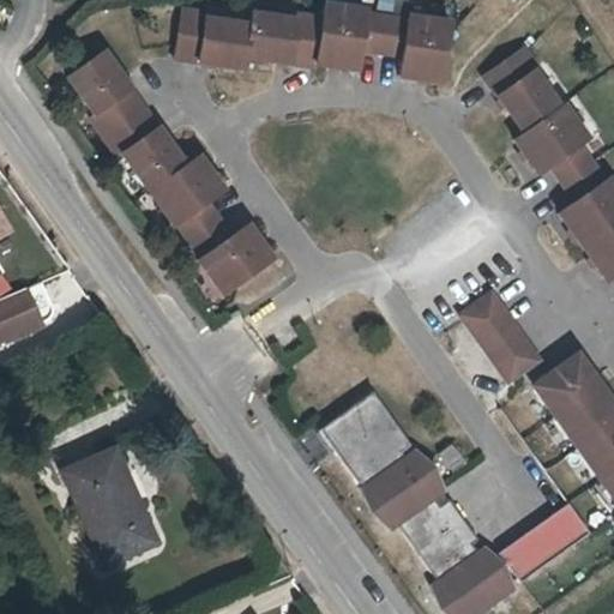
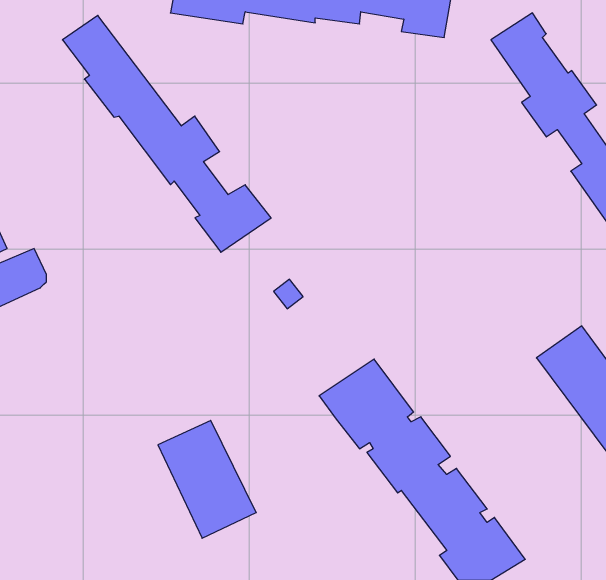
building: [463,294,540,381] -> none
building: [61,447,157,562] -> [158,420,256,538]
building: [498,502,589,578] -> none

